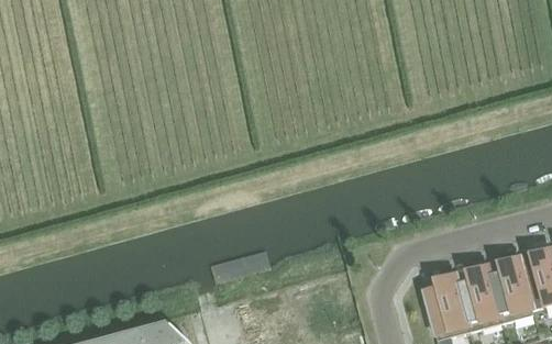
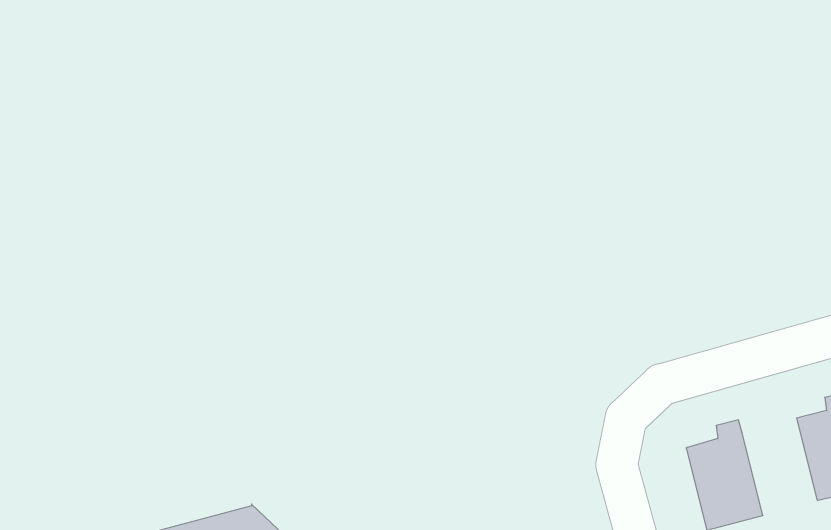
building: [456,263,500,328] -> none

